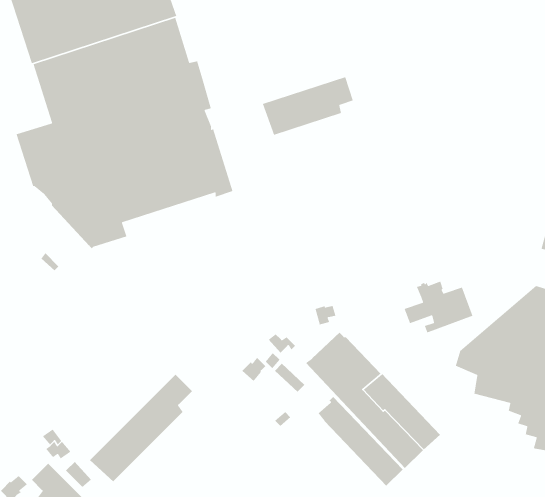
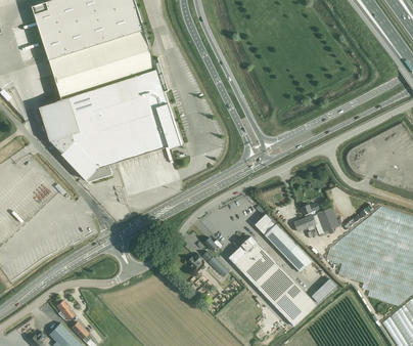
building: [262,76,354,136] -> none
building: [89,374,193,482] -> none
building: [318,396,403,486] -> [255,213,311,272]

